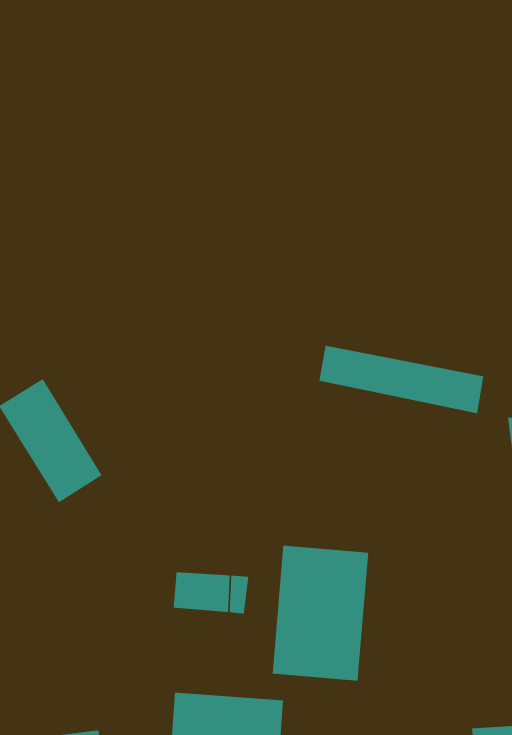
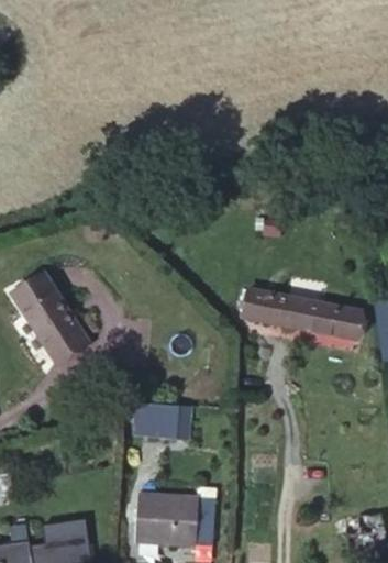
building: [318,345,484,414] -> [244,290,361,339]
building: [272,545,369,682] -> none

